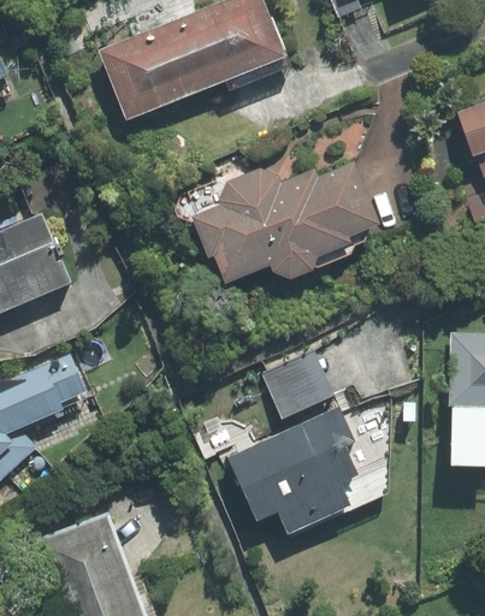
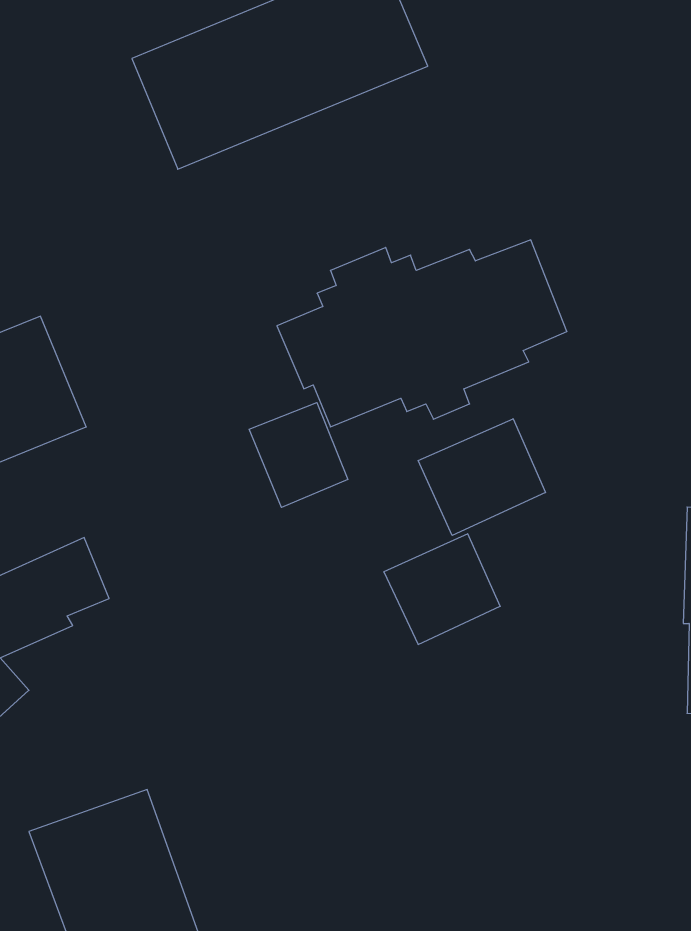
building: none -> [249,403,348,507]
building: none -> [418,419,545,535]
building: [227,405,357,535] -> none

